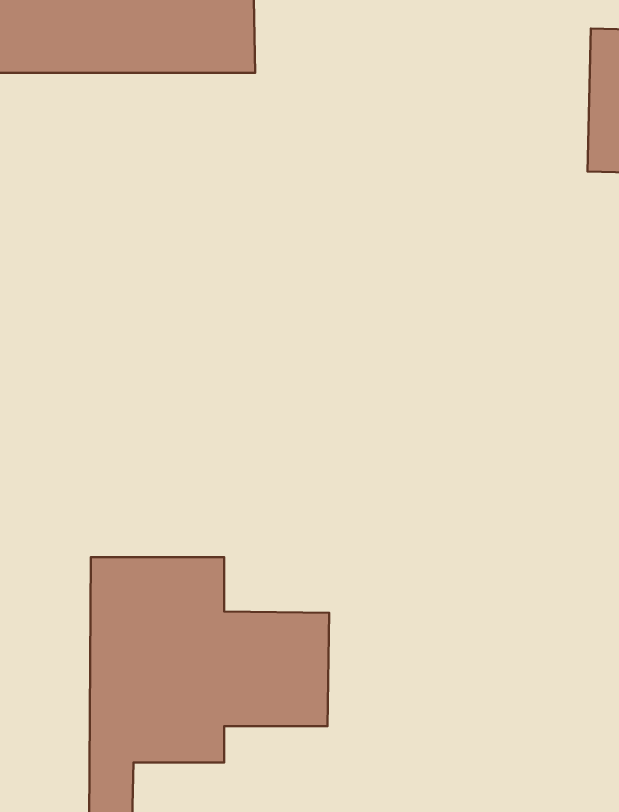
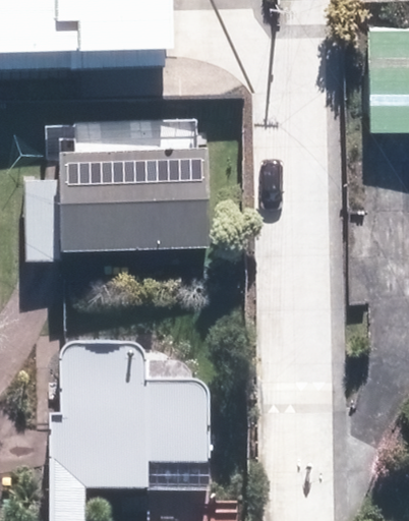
building: none -> [40,150,193,249]

